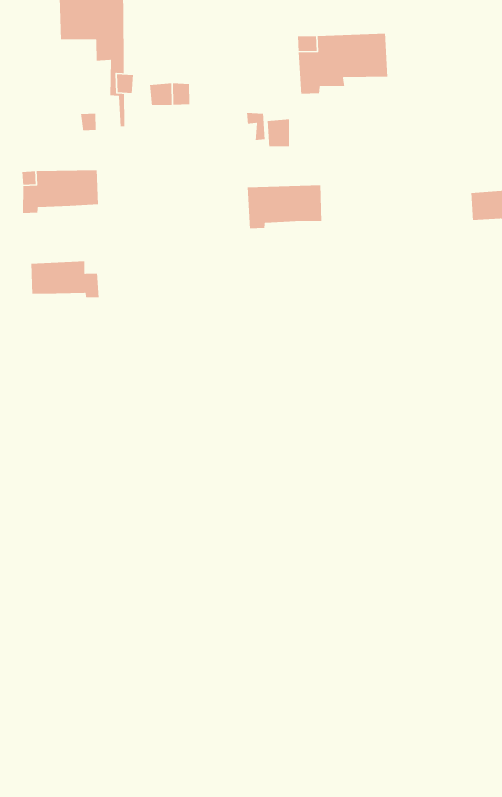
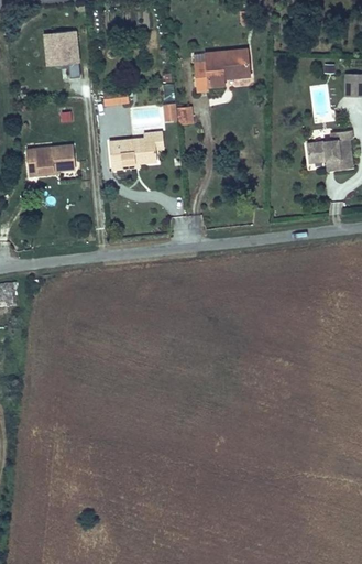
building: [247,185,322,229] -> [109,139,157,170]
building: [31,261,100,298] -> none

